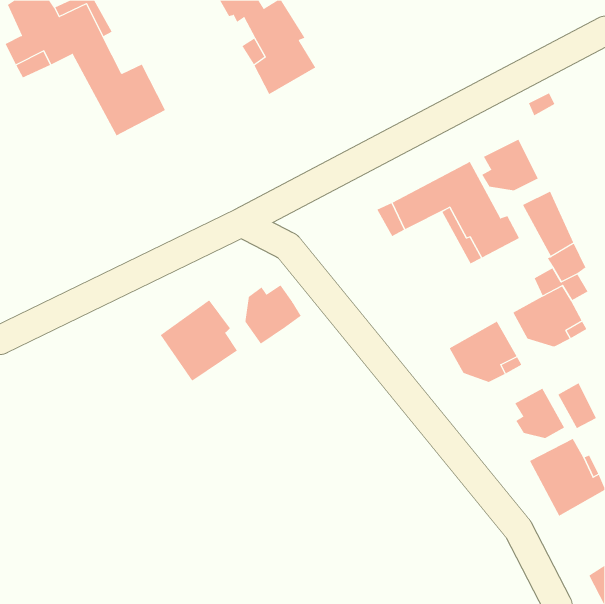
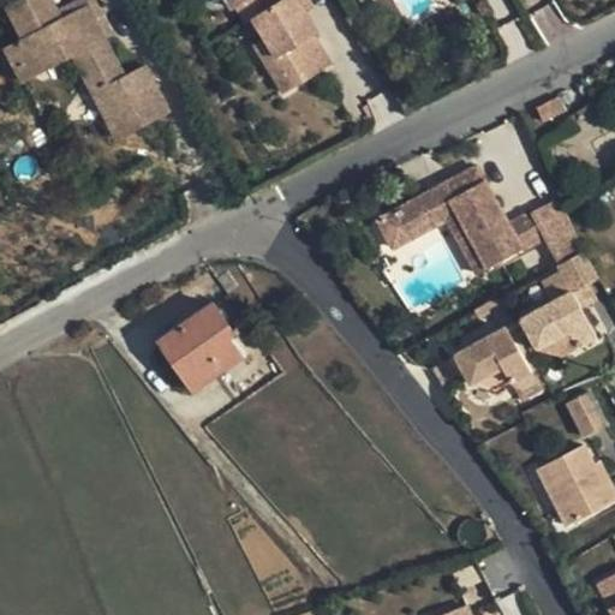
building: [482,139,539,191] -> none
building: [245,285,302,344] -> none
building: [514,388,565,439] -> none

